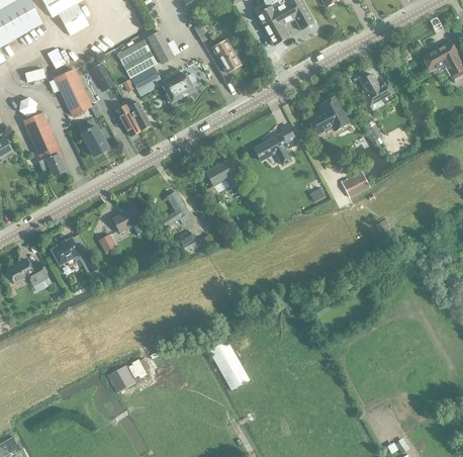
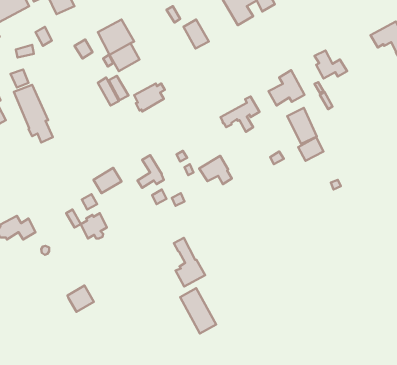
building: [146,29,174,63] -> none
building: [53,68,92,115] -> none
building: [162,72,196,103] -> [134,83,165,111]
building: [82,125,108,155] -> none
building: none -> [287,108,317,144]
building: [204,157,241,188] -> [199,156,232,184]
building: [51,237,80,265] -> [81,213,107,238]
building: none -> [174,238,205,287]
building: [106,363,135,392] -> [68,286,94,312]

